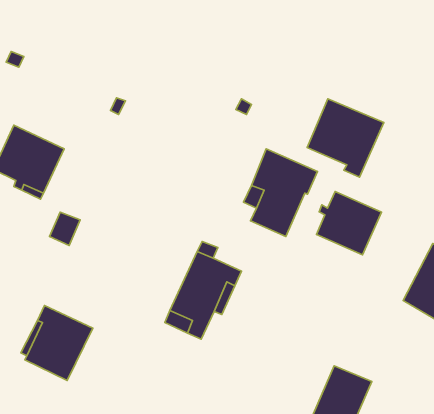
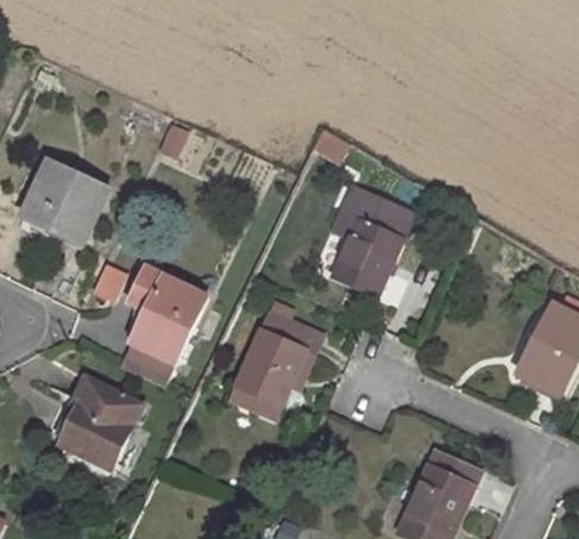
building: [307,99,384,177] -> none
building: [316,192,381,255] -> none
building: none -> [119,267,206,387]

